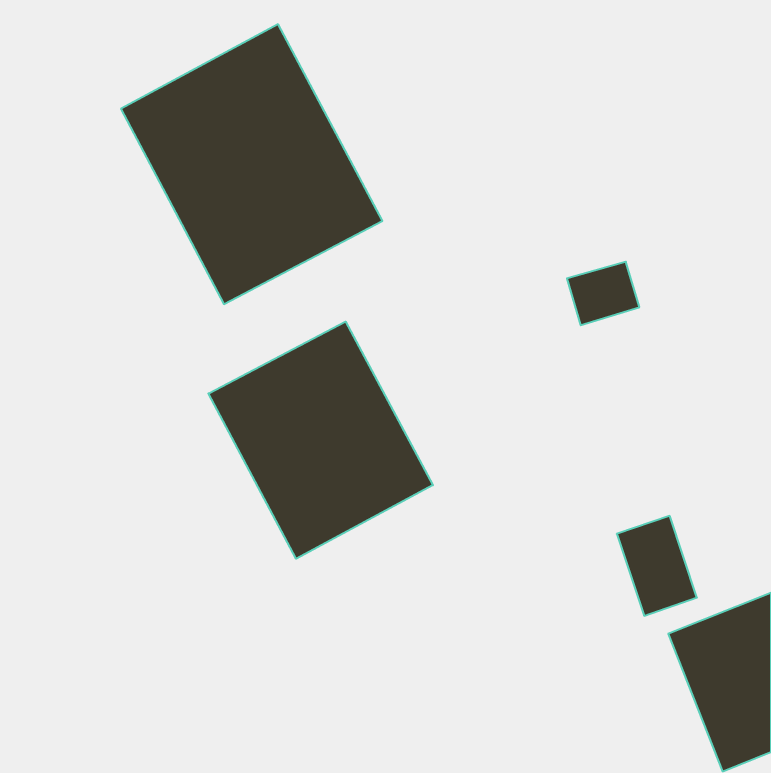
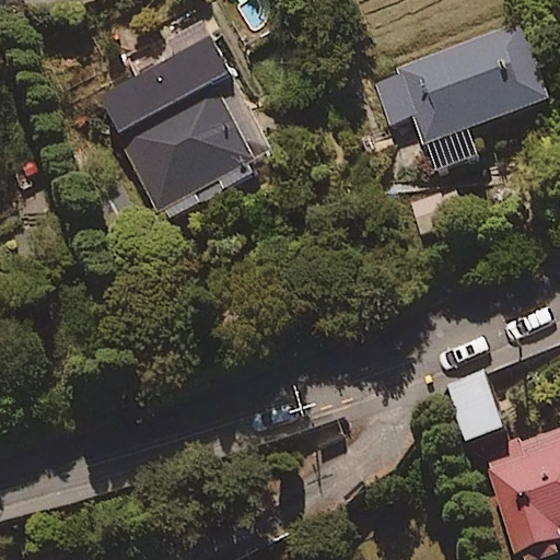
building: none -> [372,22,549,174]
building: [208,322,433,559] -> none

